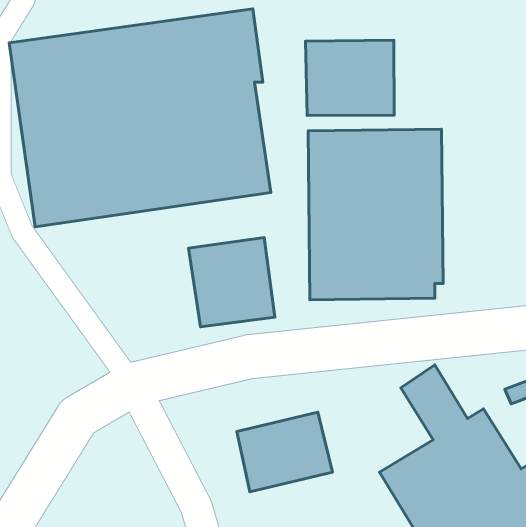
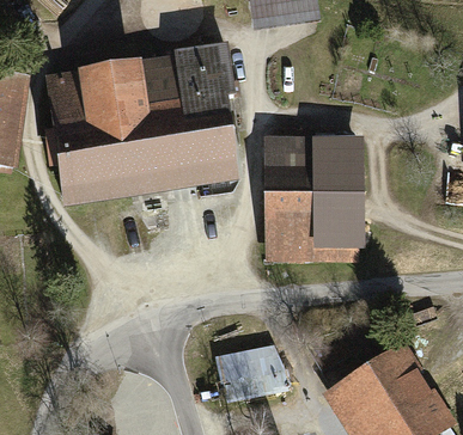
building: [305,40,394,116] -> none
building: [189,237,275,327] -> none

